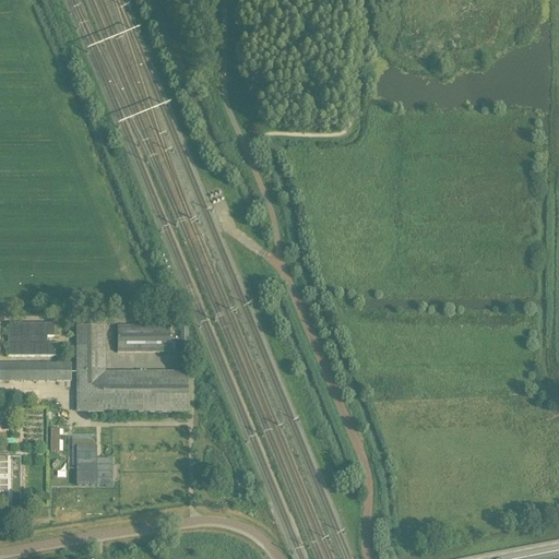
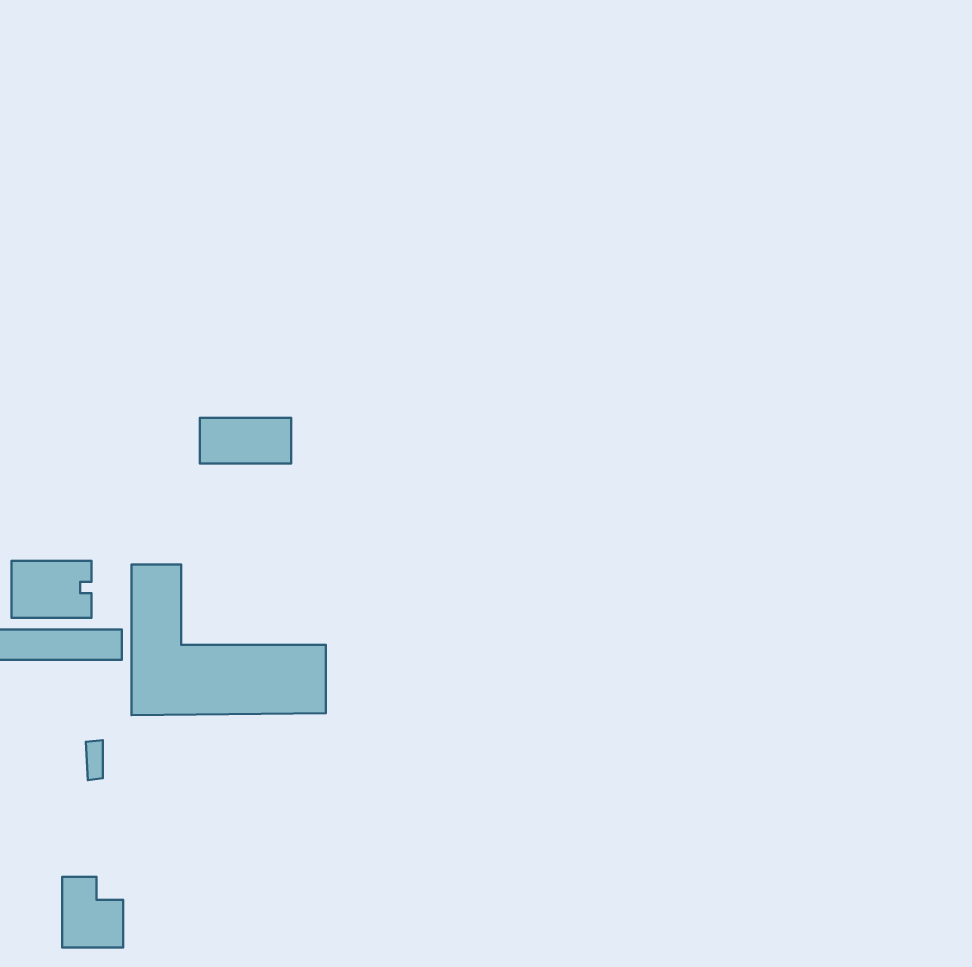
building: [116,323,168,349] -> [200,418,291,463]
building: [75,442,110,483] -> [62,877,123,947]

